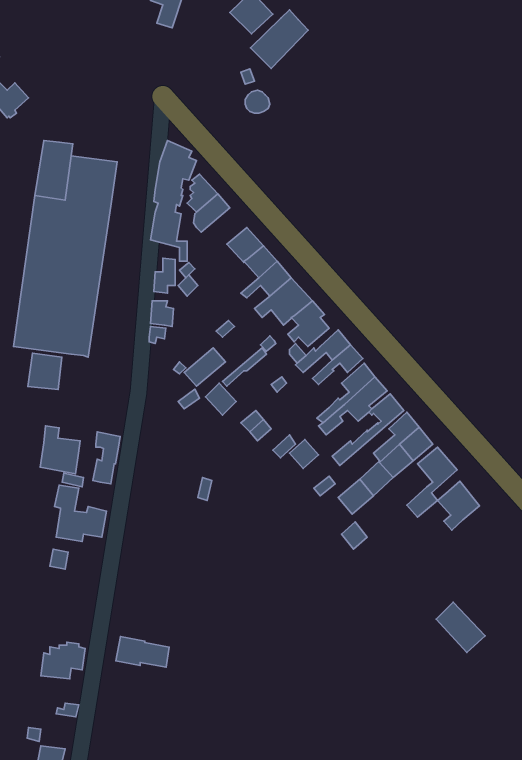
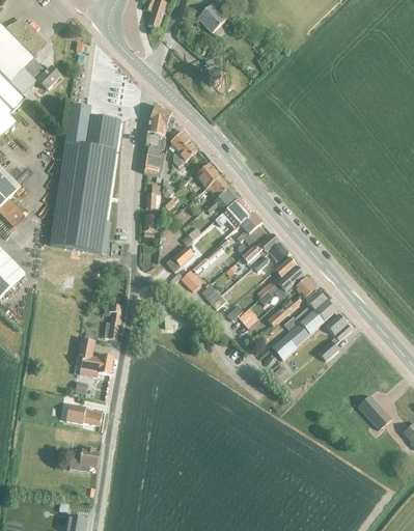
building: [251,10,308,68] -> none
building: [28,353,62,390] -> none
building: [40,426,80,474] -> none
building: [437,481,479,530] -> none
building: [436,602,485,653] -> [358,395,391,429]
building: [116,637,169,667] -> [65,403,102,424]

